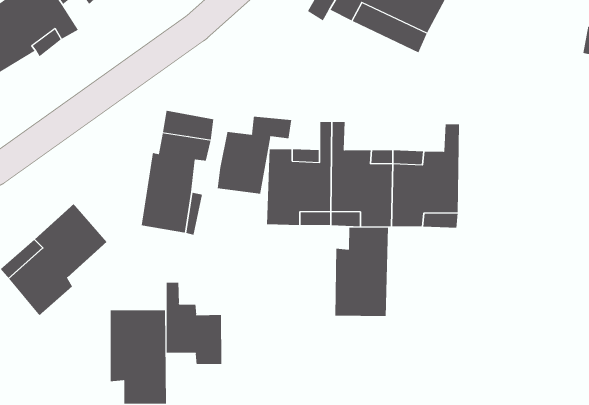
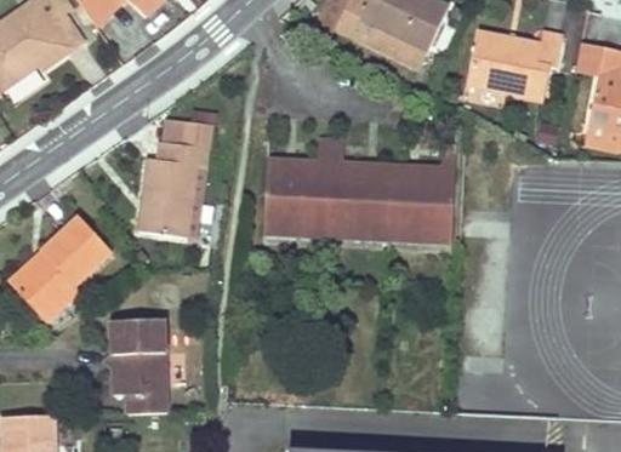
building: none -> [462,33,559,99]
building: [217,116,292,194] -> none
building: [335,227,389,317] -> none
building: [166,282,222,365] -> none

